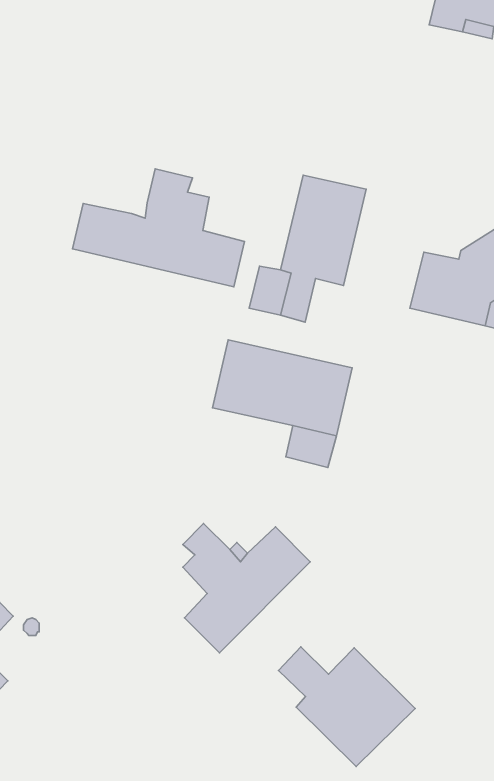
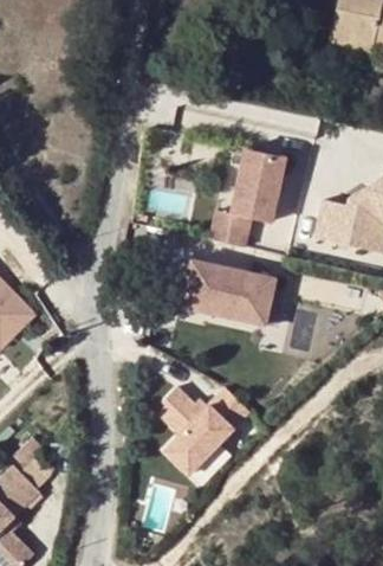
building: [72,169,245,287] -> none
building: [278,647,415,766] -> none

